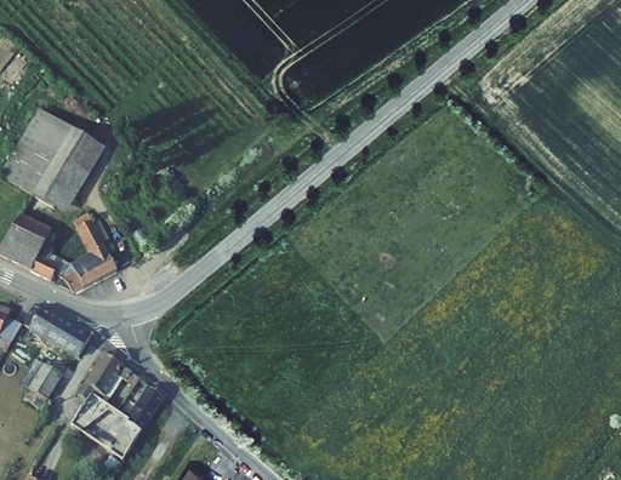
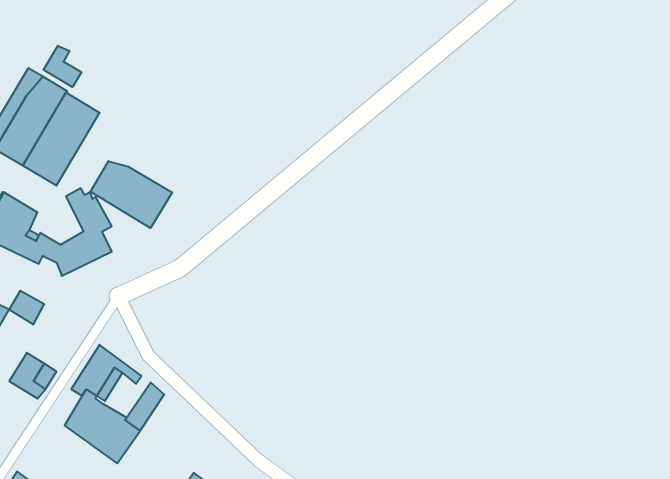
building: none -> [43,46,81,87]
building: none -> [90,161,172,228]
building: [45,318,90,358] -> none

